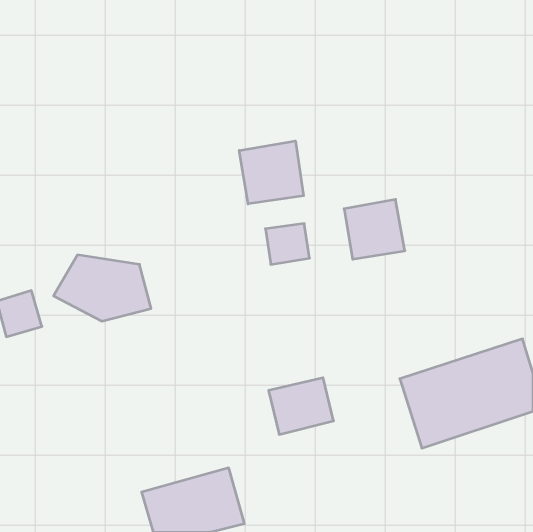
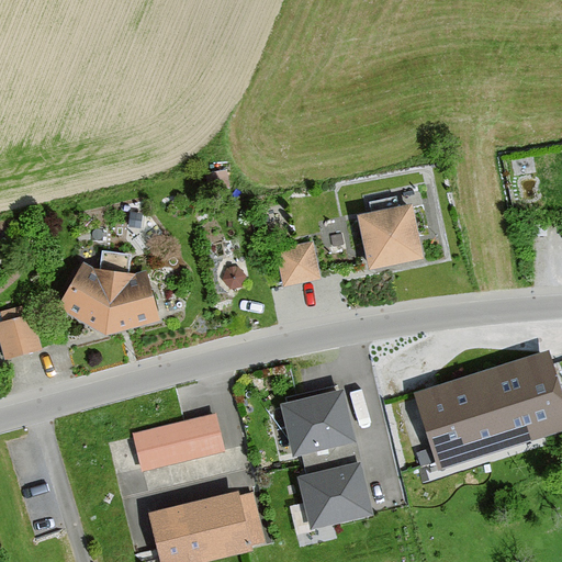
building: [239,141,304,204] -> none
building: none -> [130,412,221,470]
building: none -> [299,468,366,527]

